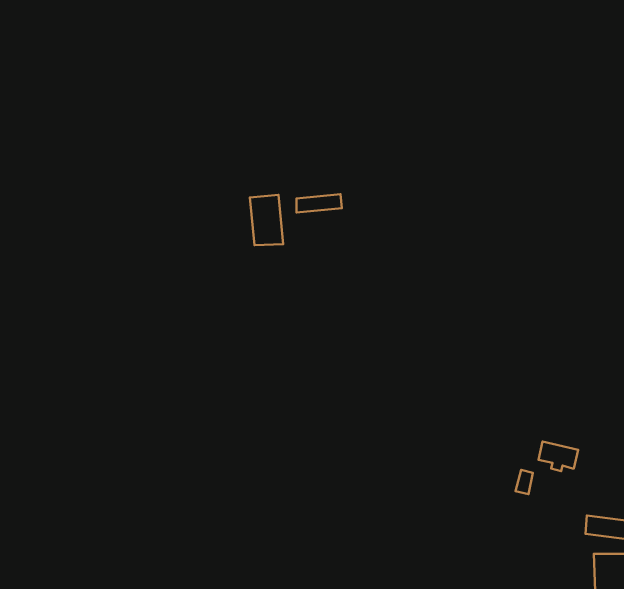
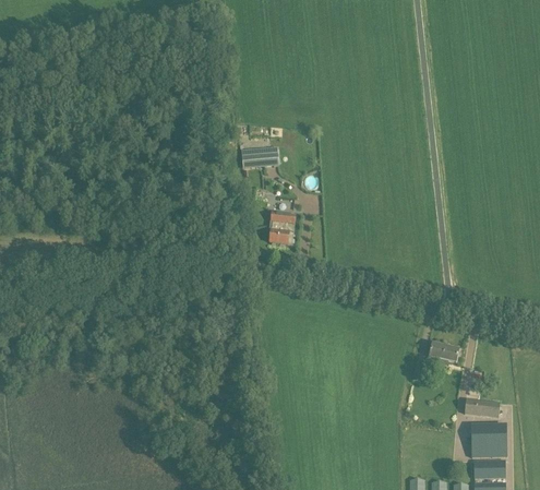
building: [250,195,283,245] -> none
building: none -> [268,210,293,242]

